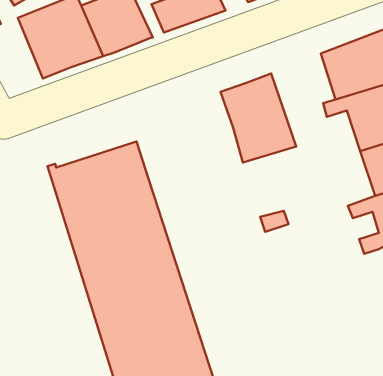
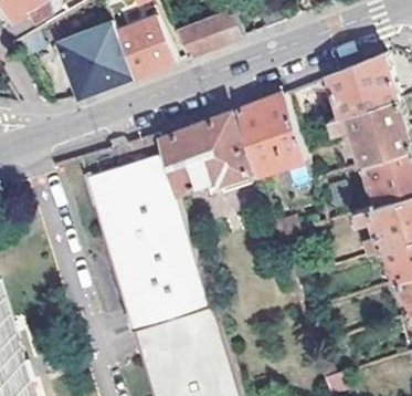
building: none -> [157,111,249,195]

